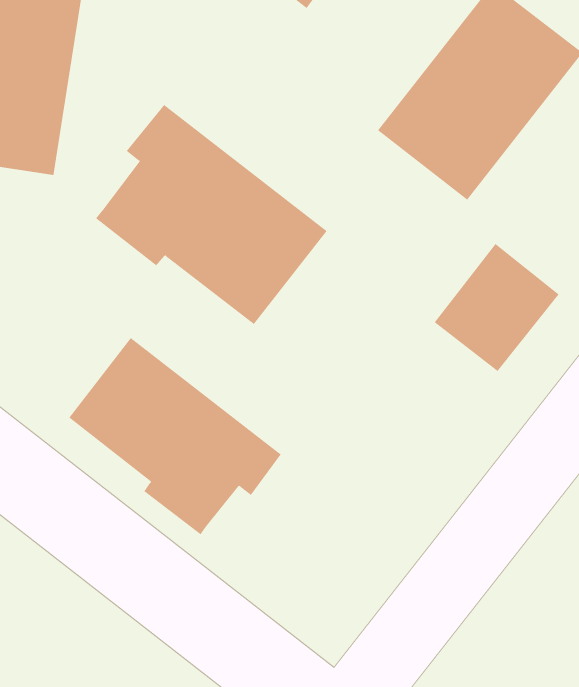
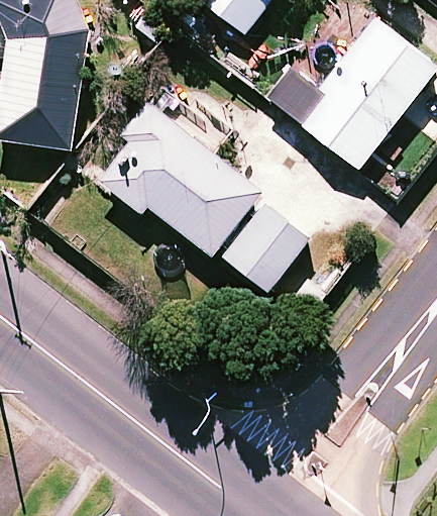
building: [434,243,559,372] -> [222,202,309,291]
building: [69,337,282,535] -> none

